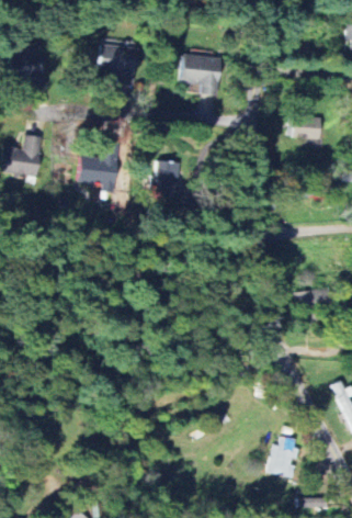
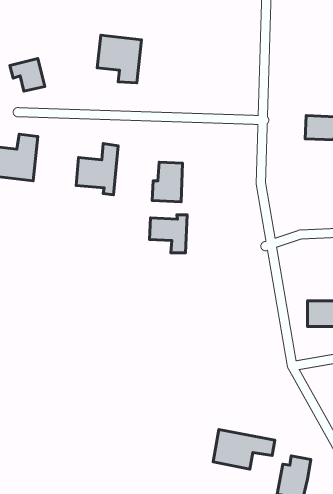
building: [181,56,222,95] -> none
building: none -> [149,215,187,253]
building: none -> [213,430,275,469]

